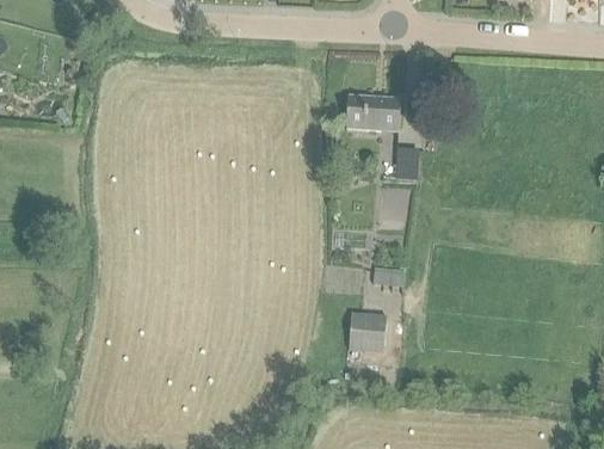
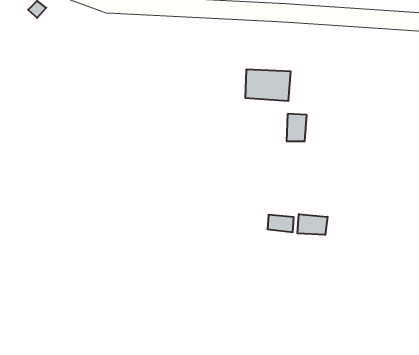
building: none -> [297,214,328,235]
building: [347,312,387,352] -> none

